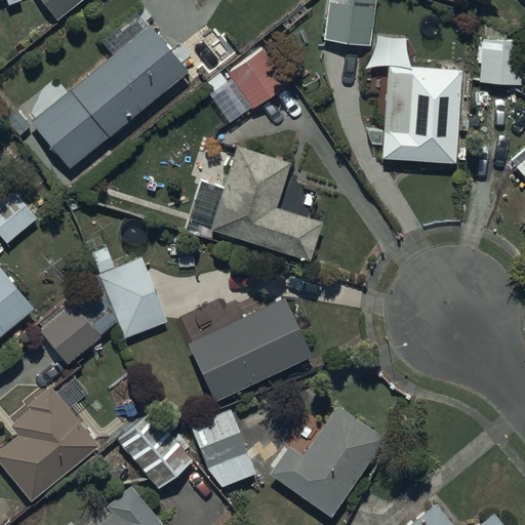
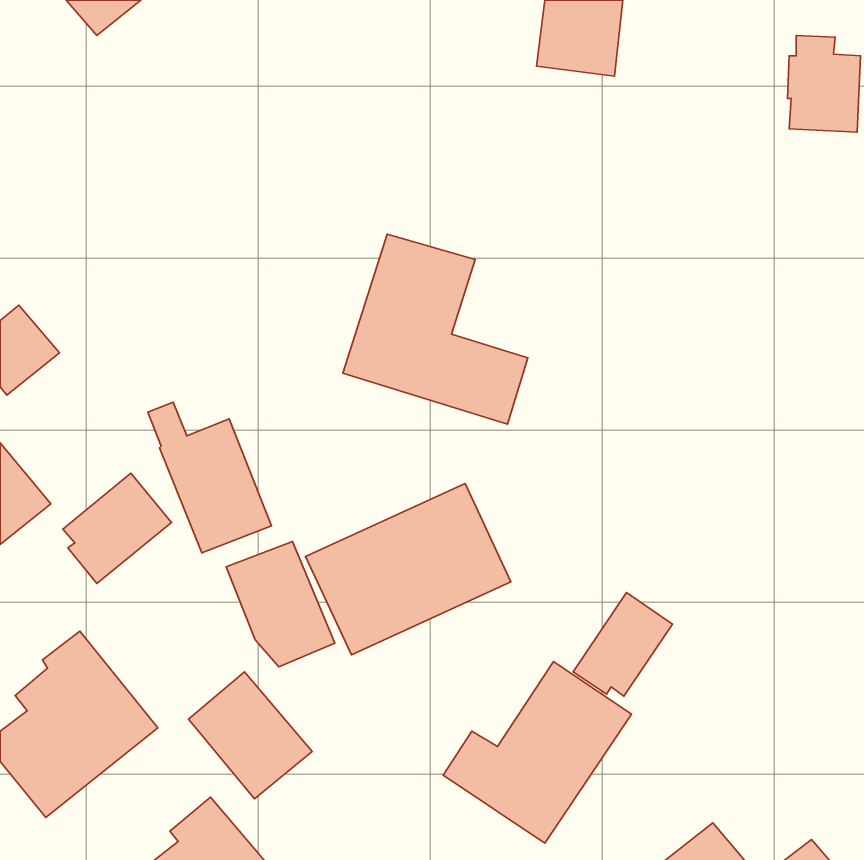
building: [29,24,192,174] -> none
building: [230,52,291,114] -> none
building: [385,73,462,169] -> none
building: none -> [573,593,673,696]
building: [190,410,255,486] -> [226,541,335,667]

